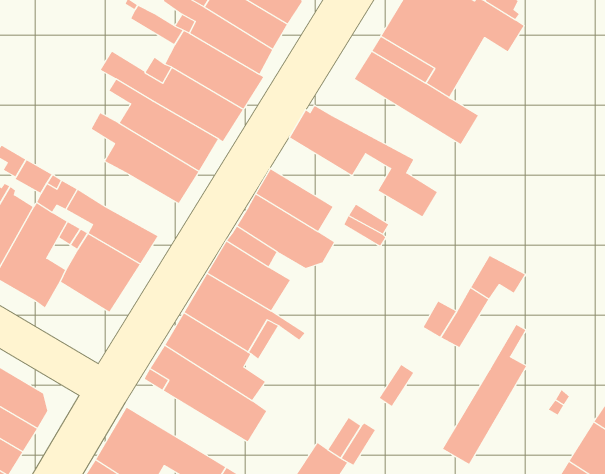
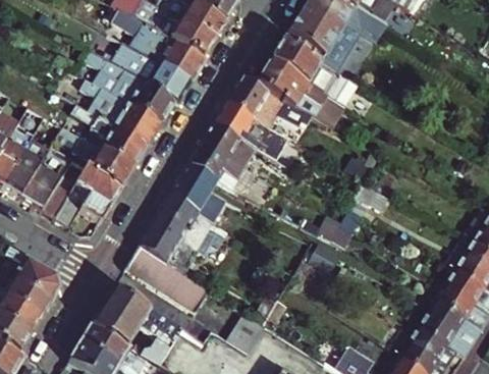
building: none -> [254,62,343,128]
building: none -> [211,103,268,151]
building: none -> [67,105,148,171]
building: [442,324,527,465] -> none

